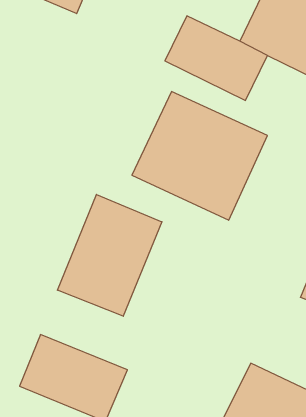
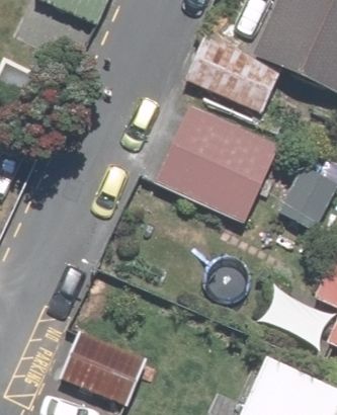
building: [57,194,162,316] -> none

